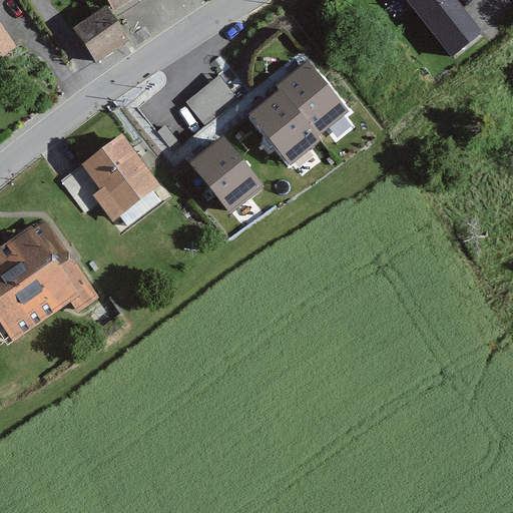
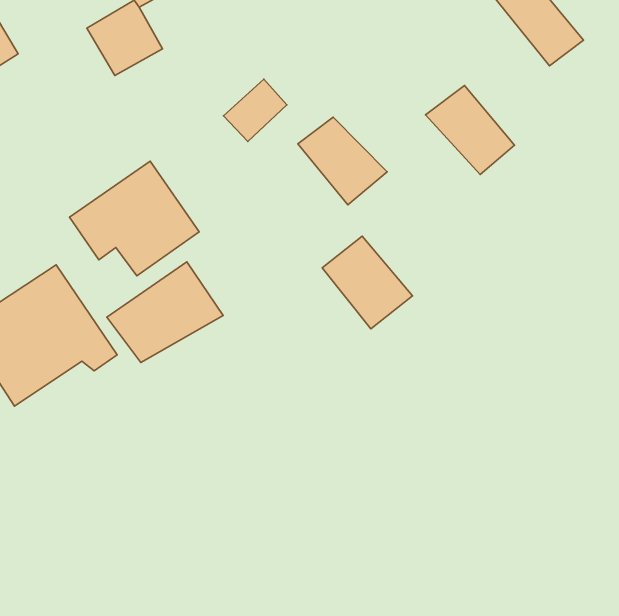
building: [272,64,345,137] -> [425,86,514,175]
building: [185,132,260,208] -> [322,236,412,329]
building: none -> [107,262,223,362]

